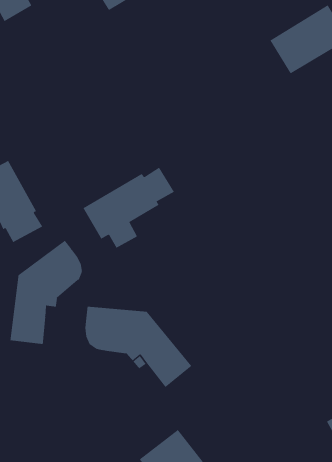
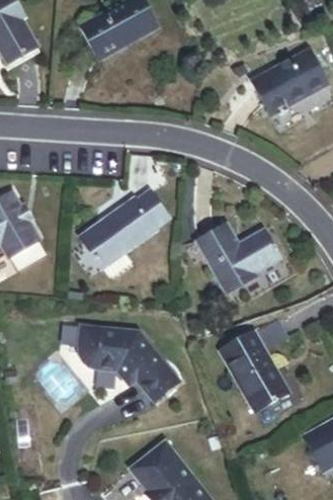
building: none -> [197,222,279,289]
building: [10,240,82,345] -> none
building: none -> [226,322,290,412]

